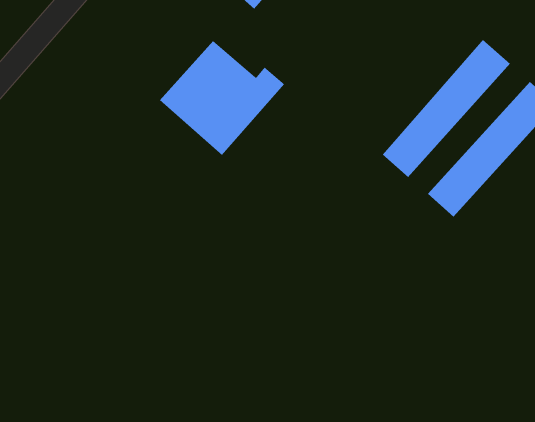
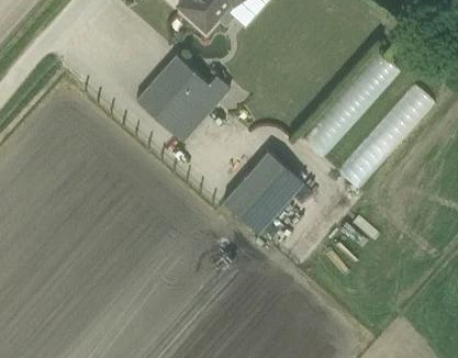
building: none -> [223,150,304,234]

